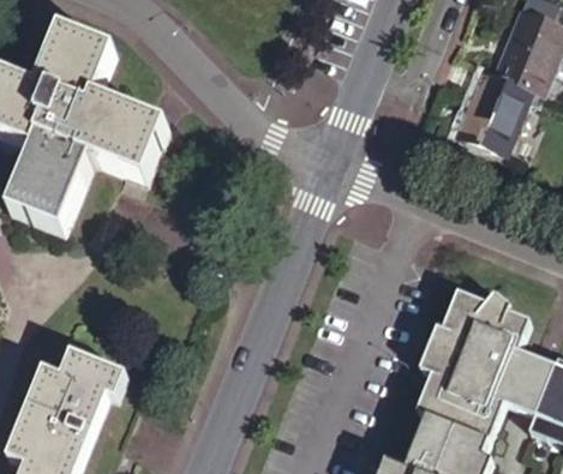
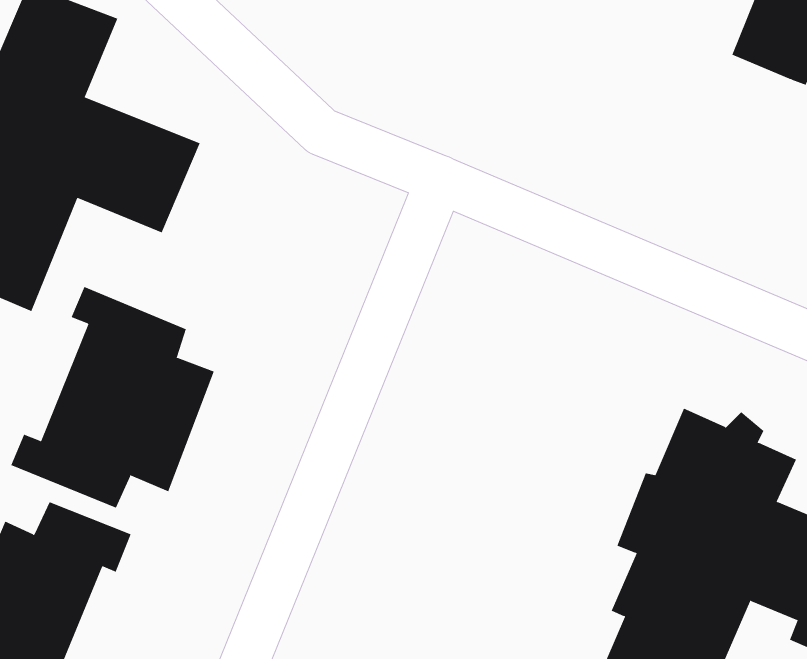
building: [461,64,534,145] -> none
building: none -> [10,286,215,509]

